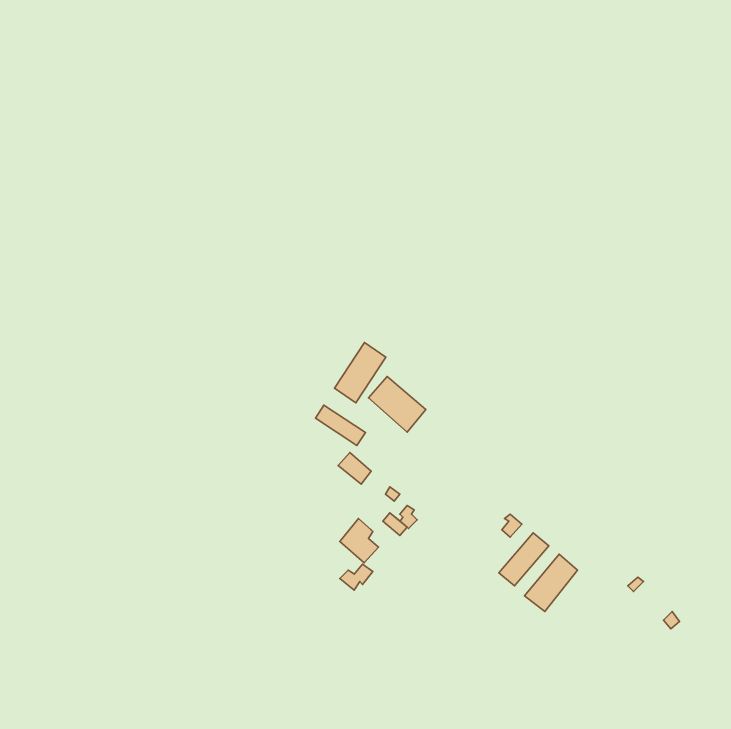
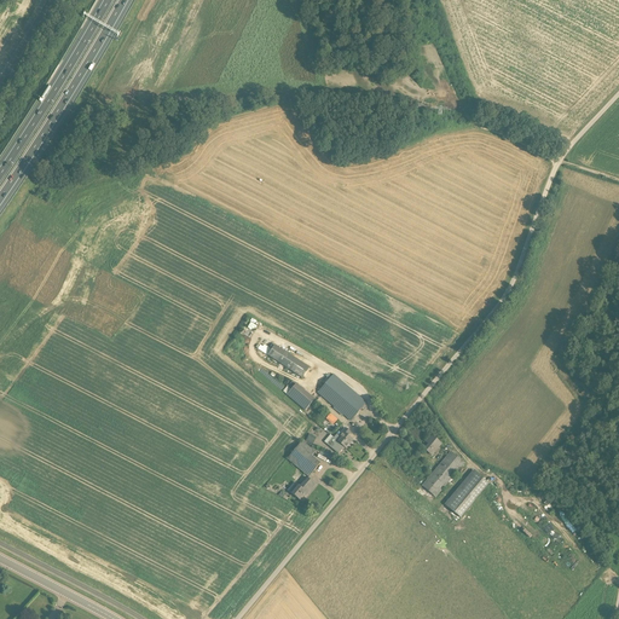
building: [335,343,386,403] -> none
building: [369,376,426,432] -> [317,372,365,420]

